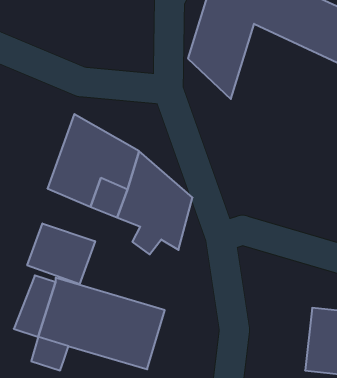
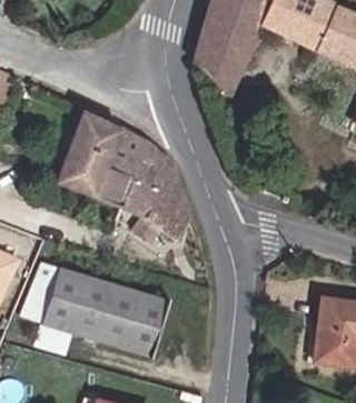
building: [27,223,95,284] -> none

